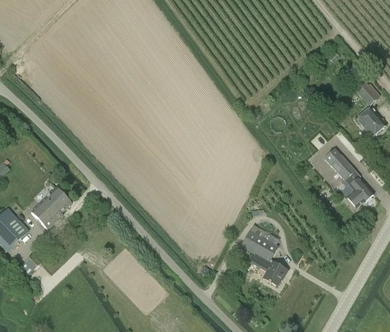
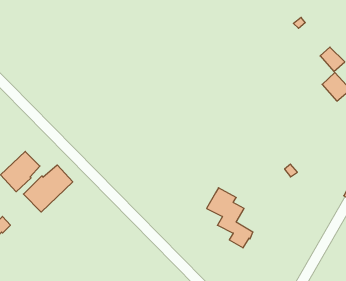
building: [323,150,372,205] -> none
building: none -> [23,165,73,212]

